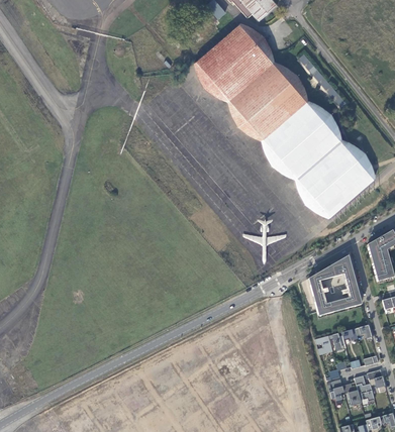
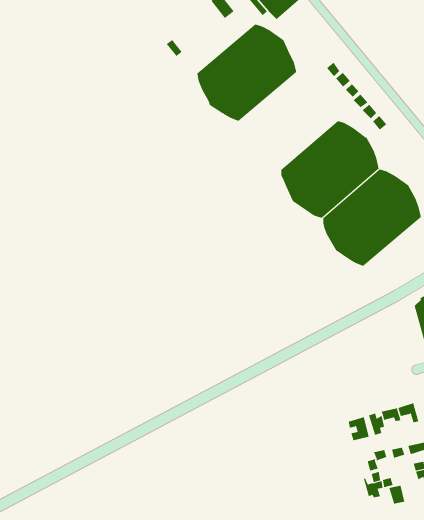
building: [228,62,308,139] -> none
building: [308,257,361,314] -> none

